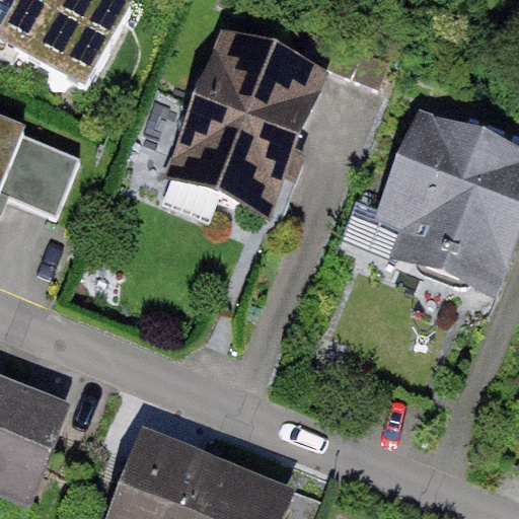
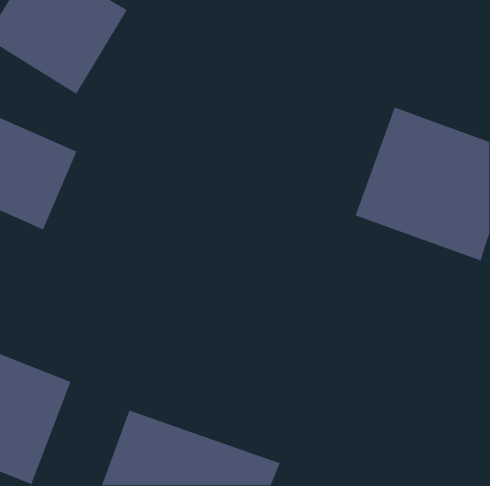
building: [161,39,323,233] -> none

